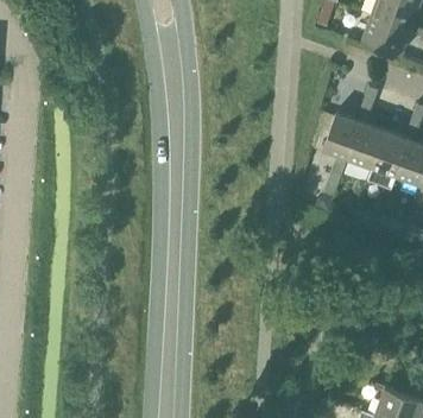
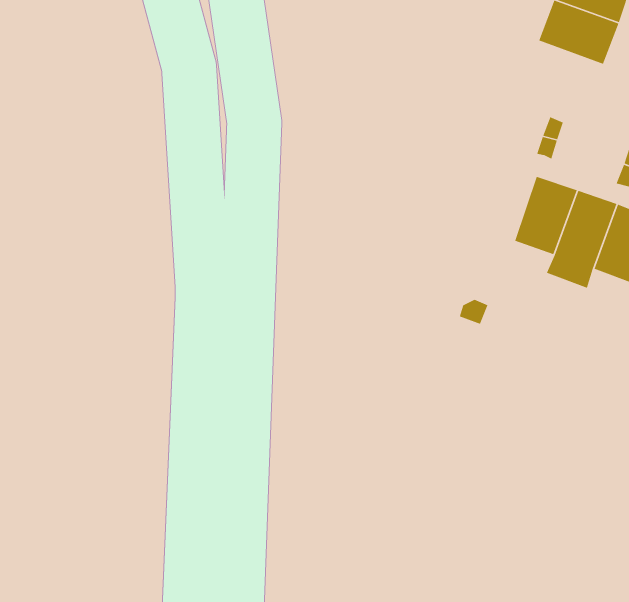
building: [322,114,361,163] -> none

